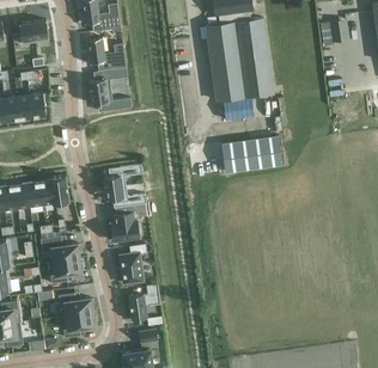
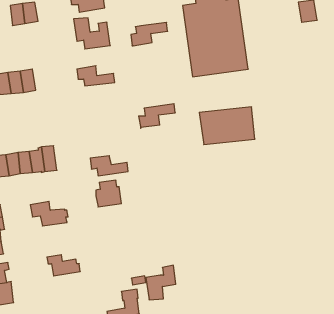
building: [89,68,128,93] -> [131,22,168,46]
building: [103,164,142,190] -> [139,104,175,128]
building: [120,245,146,283] -> none
building: [50,258,84,283] -> none
building: [128,283,160,320] -> [146,265,176,300]
building: [63,311,96,337] -> none

